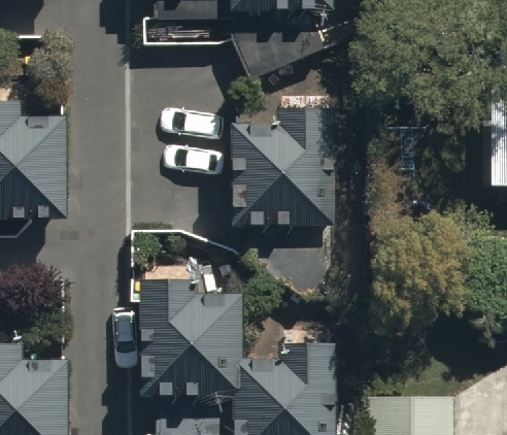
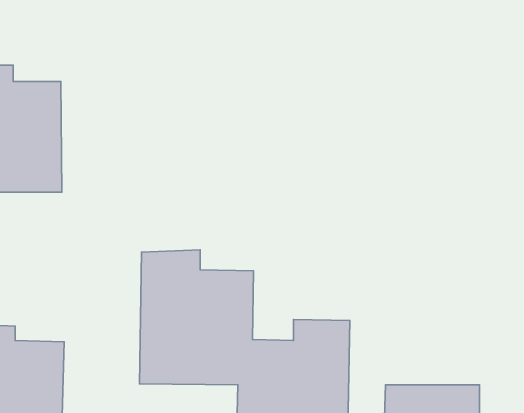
building: [229,107,334,226] -> none

